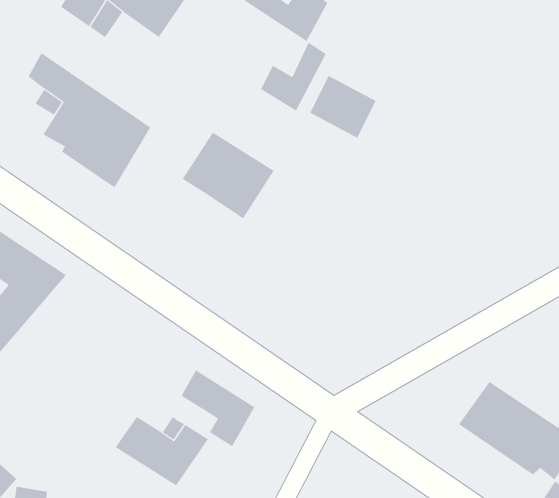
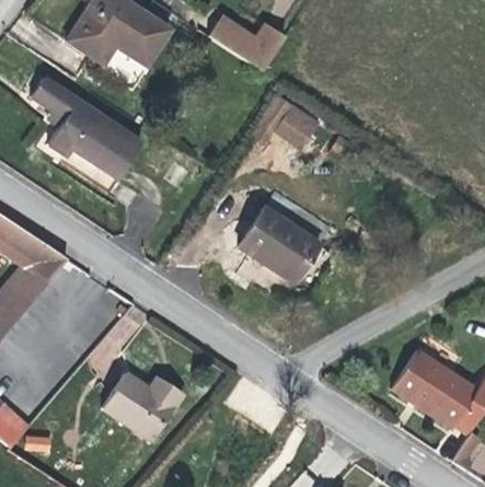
building: [260,42,327,112] -> none
building: [182,132,274,219] -> [238,206,313,277]
building: [181,369,255,447] -> none

